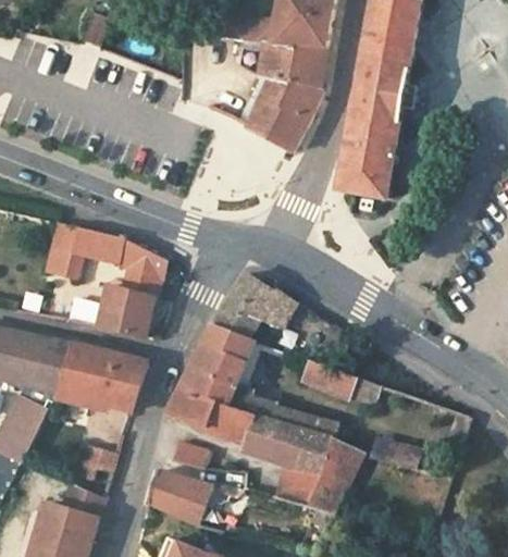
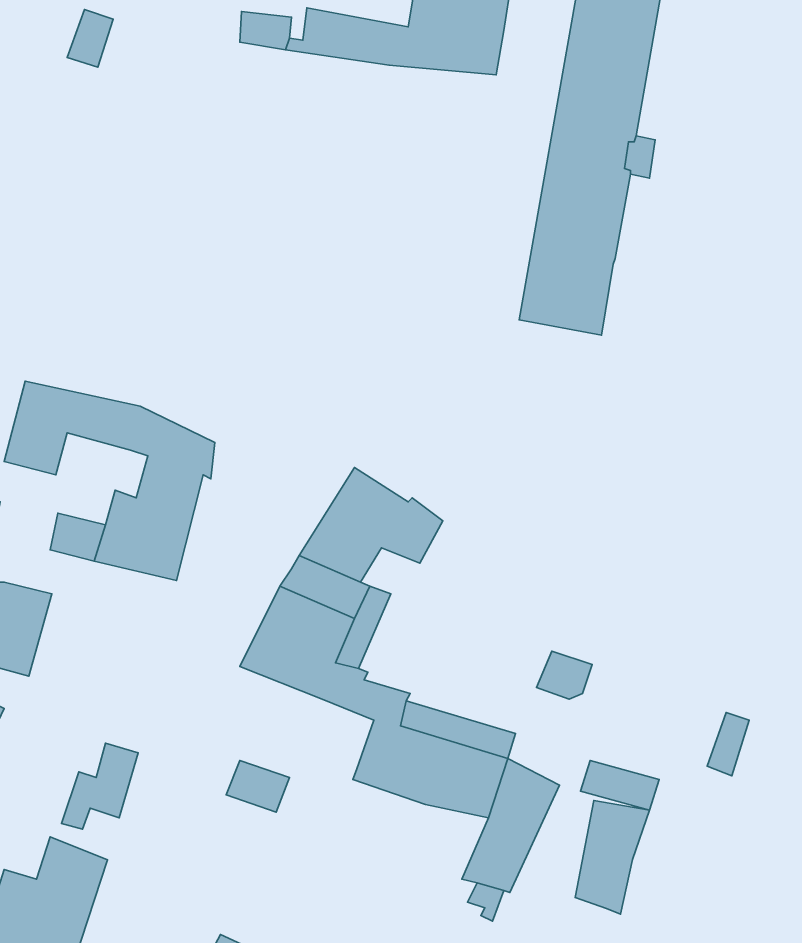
building: [246,46,324,151] -> none
building: [58,346,143,412] -> none
building: [299,361,356,399] -> none
building: [166,387,255,446] -> none
building: none -> [575,800,650,914]
building: [273,466,320,508] -> none
building: [147,471,211,527] -> none

